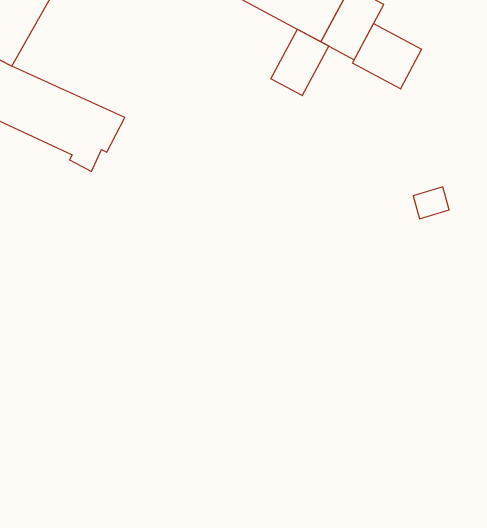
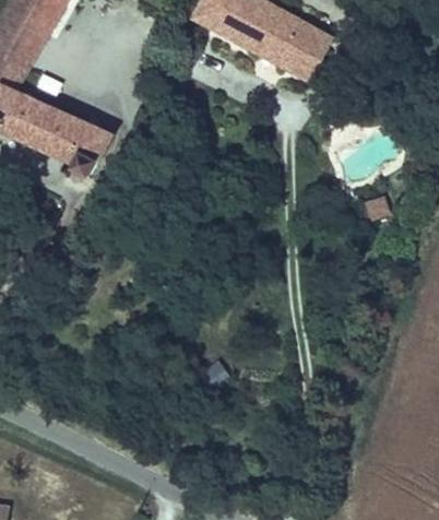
building: [353,23,422,89] -> none
building: [271,29,329,96] -> none

